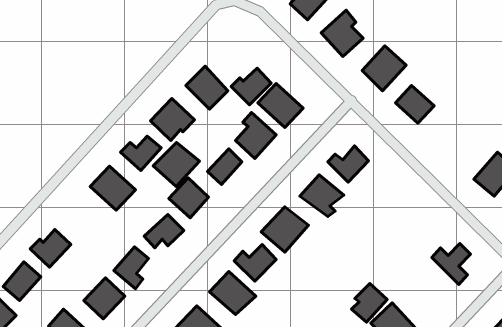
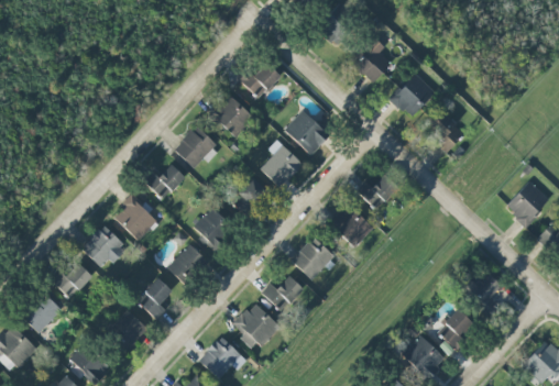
building: [231,68,271,105] -> [240,60,281,98]
building: [153,143,199,187] -> none
building: none -> [81,224,125,269]
building: [352,283,387,322] -> [439,308,475,348]

